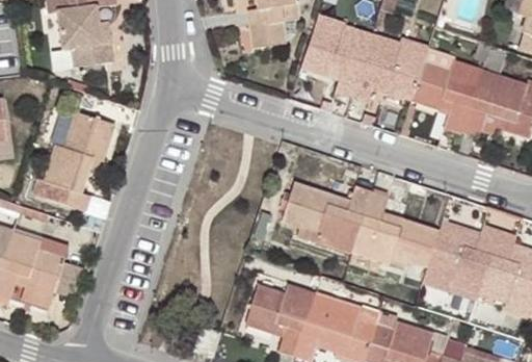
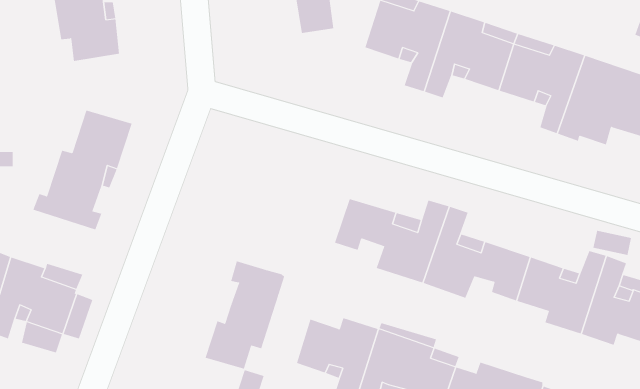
building: none -> [205,261,285,370]

